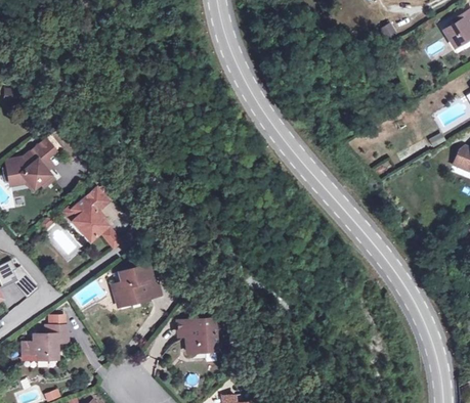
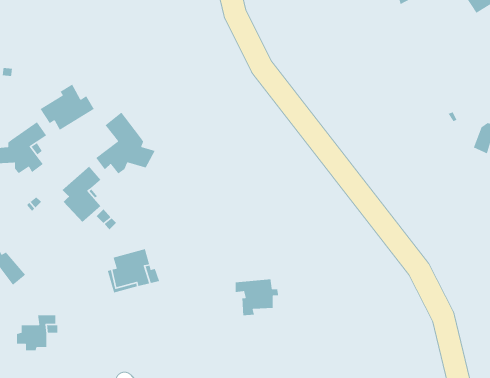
building: none -> [39,84,95,131]
building: none -> [95,111,156,174]
building: [179,318,220,353] -> [235,279,279,316]

